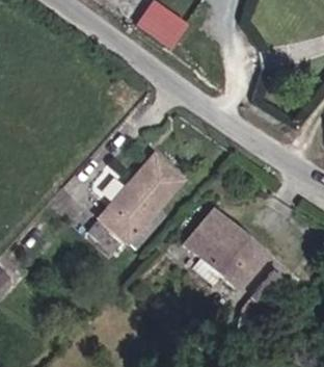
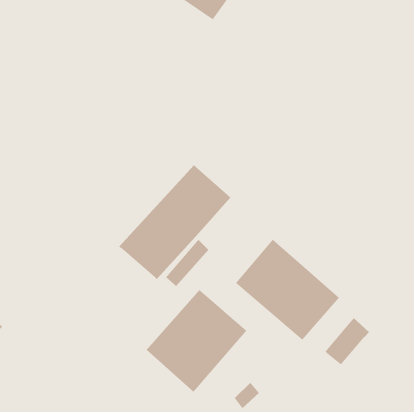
building: none -> [146,289,247,393]

